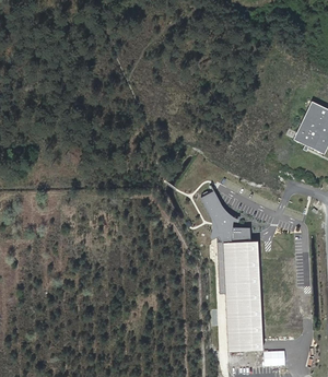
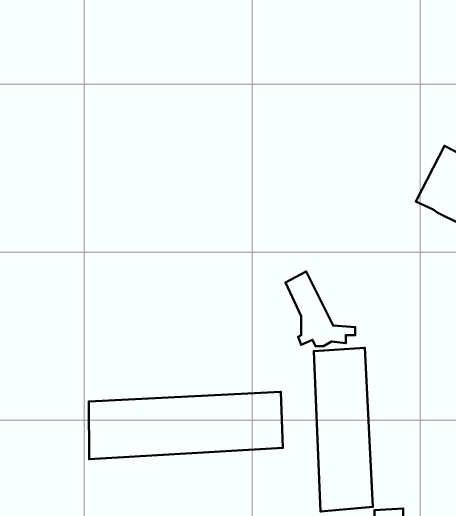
building: none -> [89,392,283,459]

